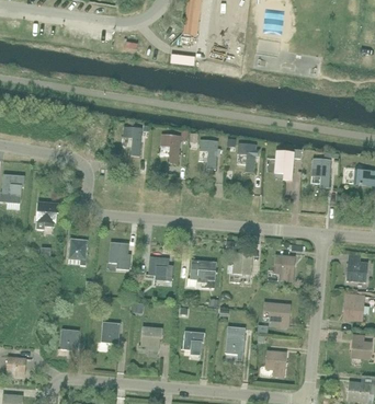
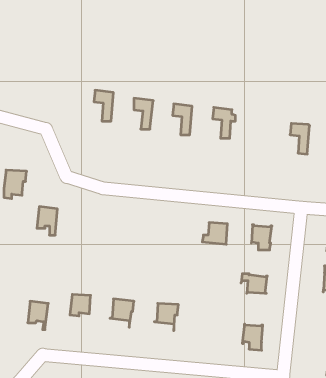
building: [274,150,294,180] -> none
building: [109,242,130,269] -> none
building: [146,256,173,281] -> none
building: [186,259,216,288] -> none
building: [225,326,245,354] -> none

